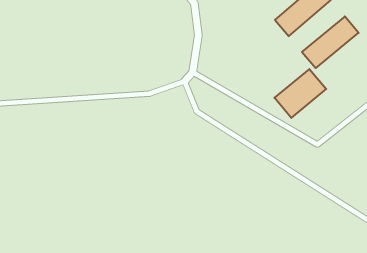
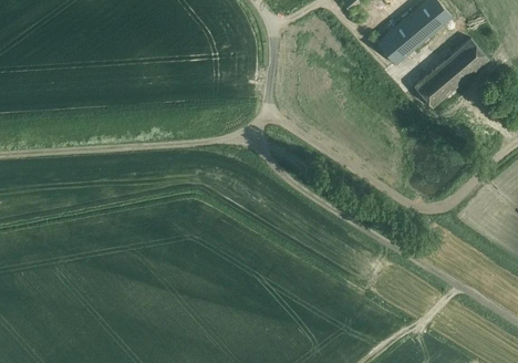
building: [274,69,326,118] -> none

